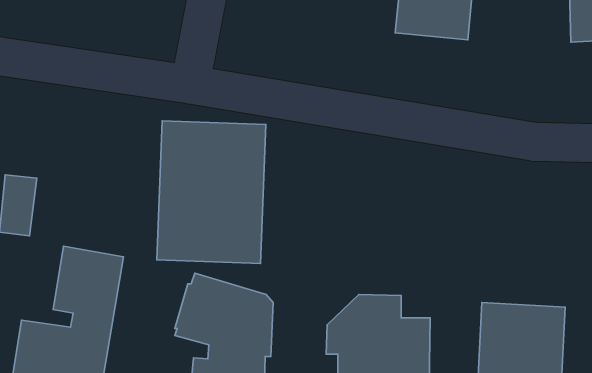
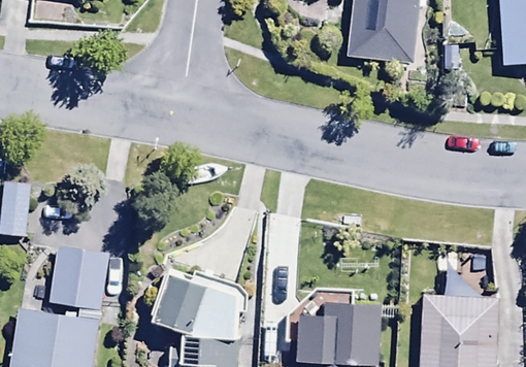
building: [157,121,266,263] -> none

